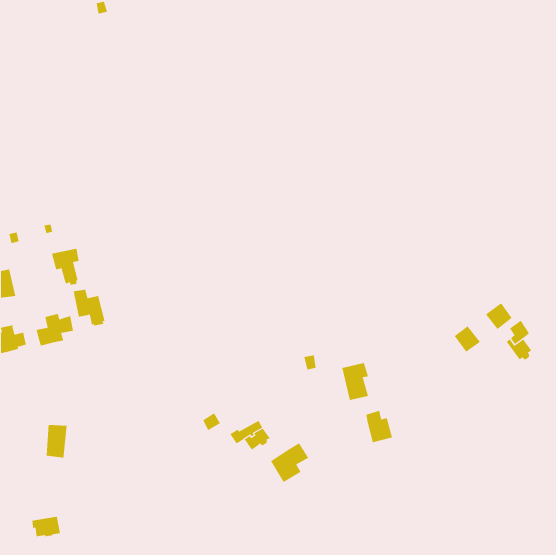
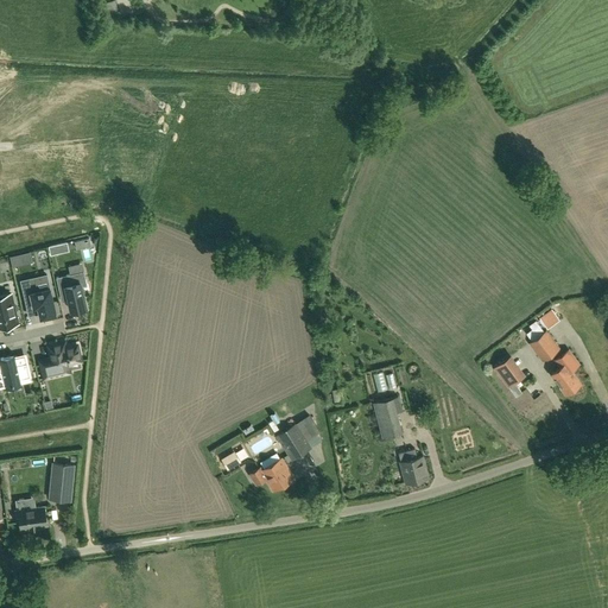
building: [73,289,105,326] -> [20,279,56,319]
building: [270,443,309,483] -> [278,417,321,461]
building: [32,516,61,537] -> [15,507,48,530]

